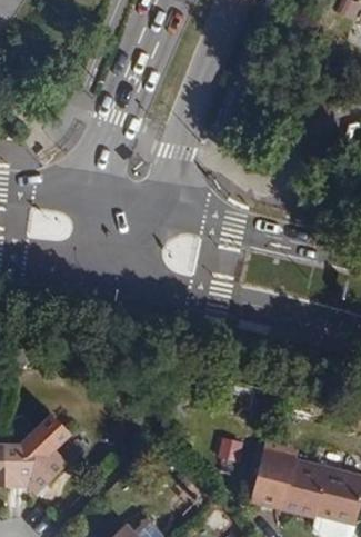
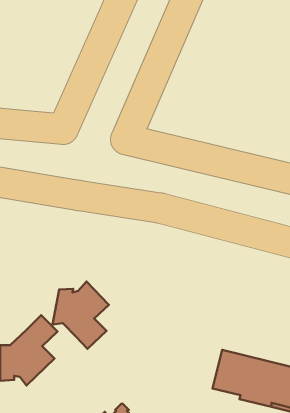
building: none -> [52,282,109,349]

